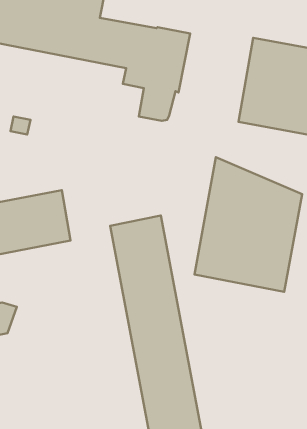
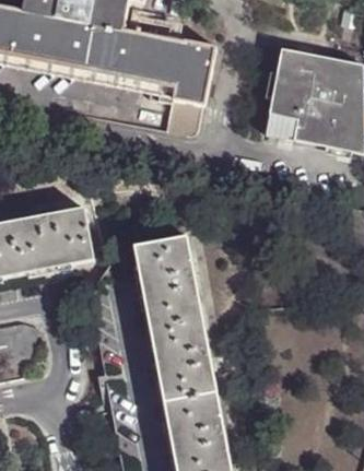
building: [195,157,302,292] -> none

